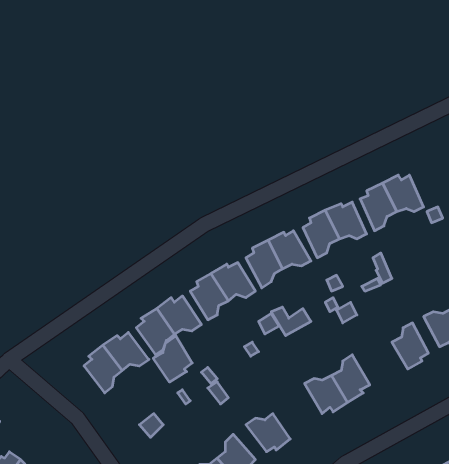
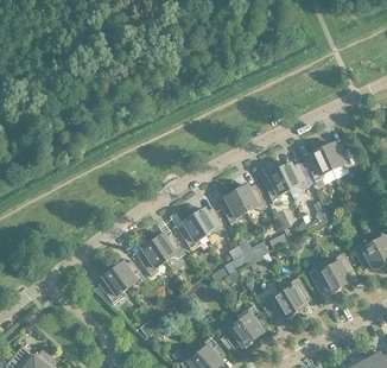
building: [153,336,192,382] -> none
building: none -> [306,266,338,293]
building: none -> [237,304,266,338]

